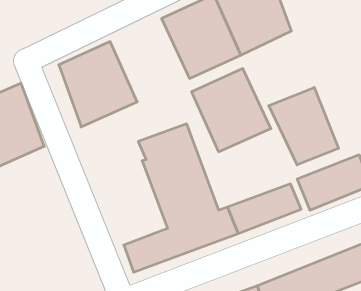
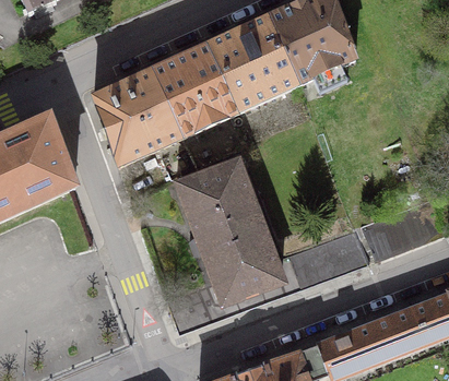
building: [192,69,271,152] -> [151,43,240,136]
building: [269,87,339,165] -> none

